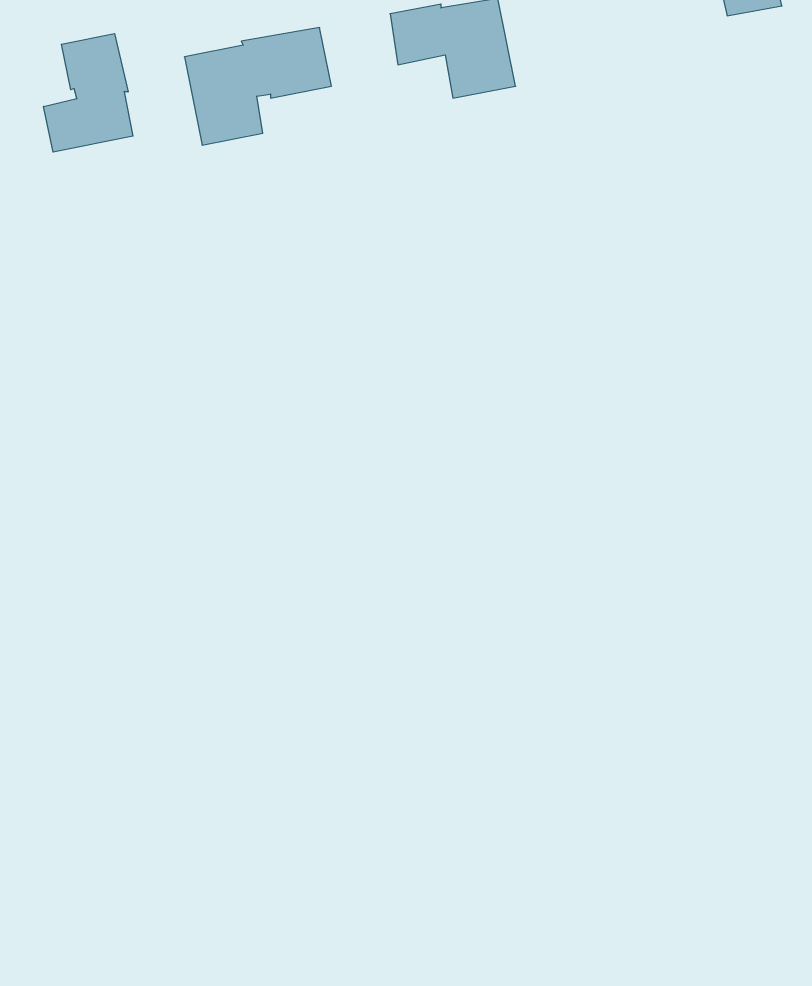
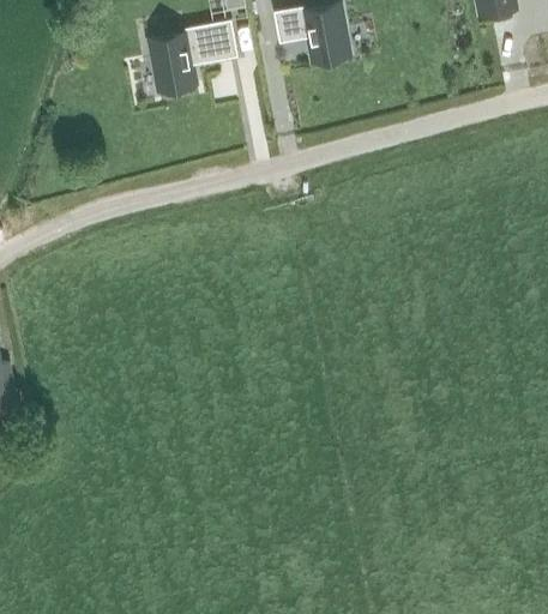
building: [44,34,133,152] -> none

